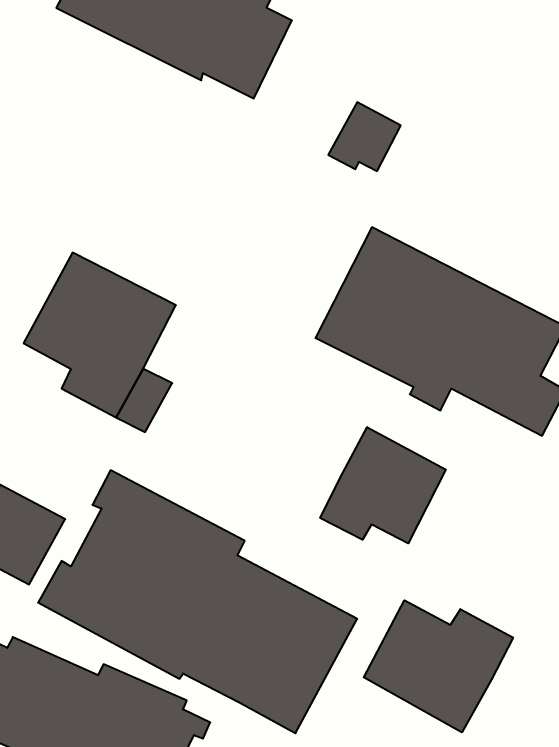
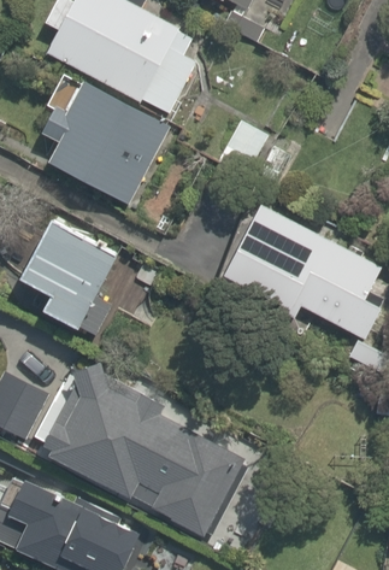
building: none -> [37,82,167,205]
building: [320,427,446,543] -> none
building: [364,600,513,732] -> none

